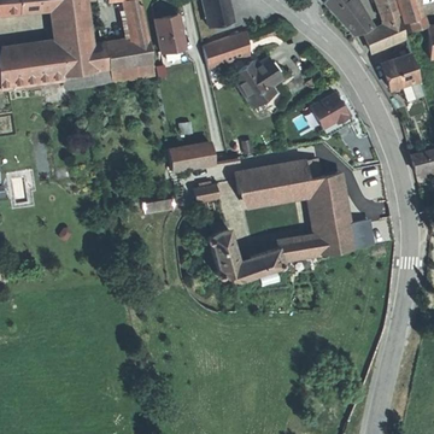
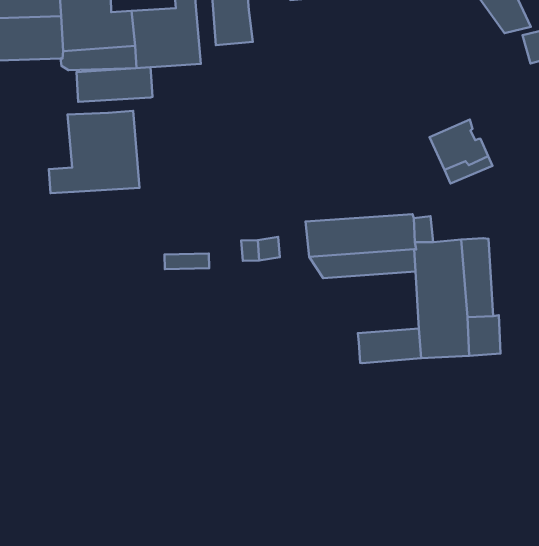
building: [203,33,248,68] -> none
building: [231,57,282,107] -> none
building: none -> [76,67,152,102]
building: none -> [49,111,139,193]
building: [168,143,213,171] -> none
building: [206,229,283,285] -> none

